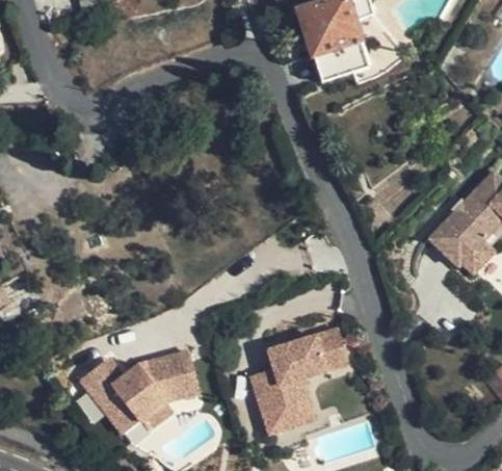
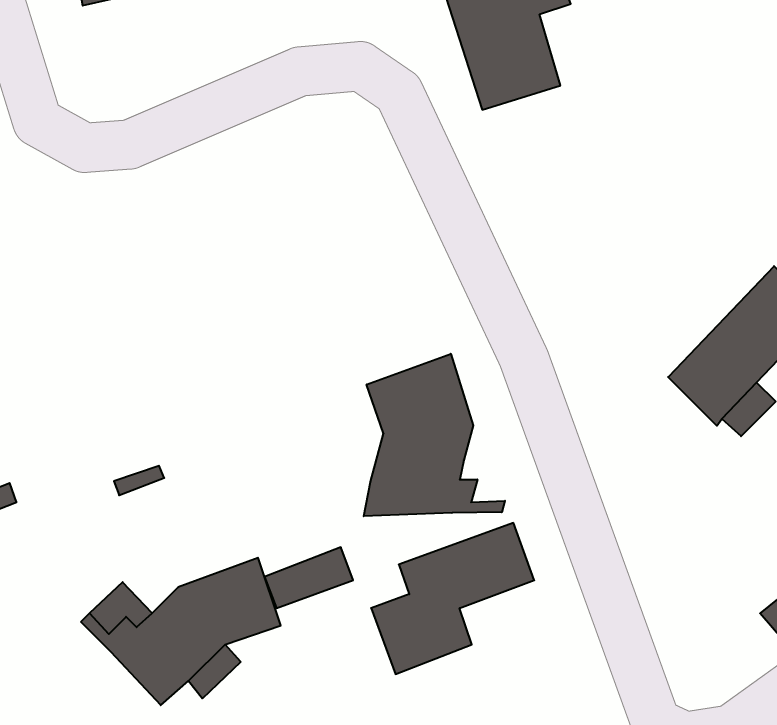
building: none -> [364,354,505,516]
building: [266,398,319,435] -> [264,547,353,608]

